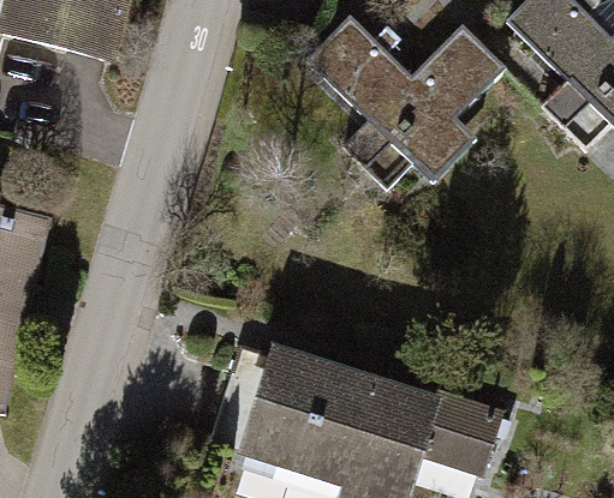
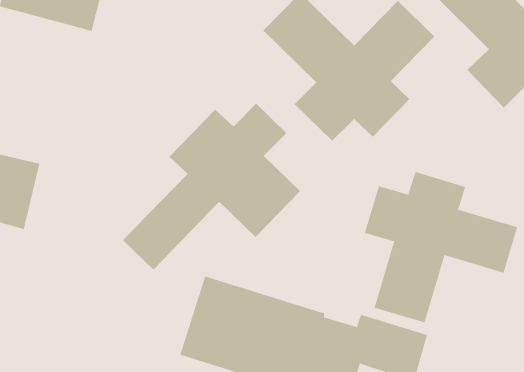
building: none -> [122,103,301,271]
building: none -> [364,171,518,323]

